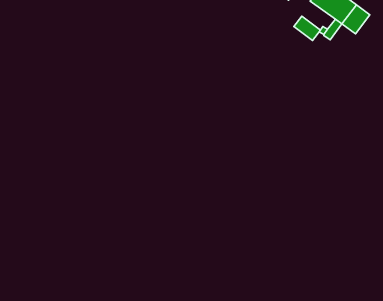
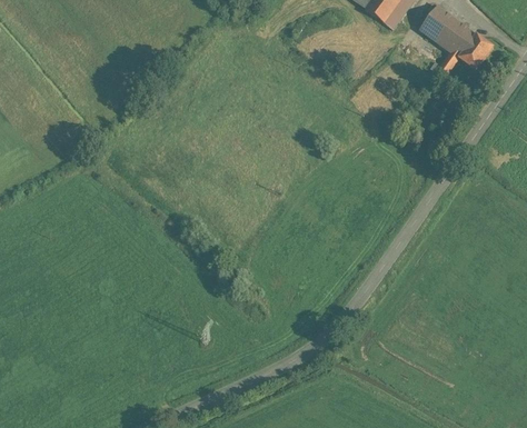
building: [294,16,321,40] -> none

